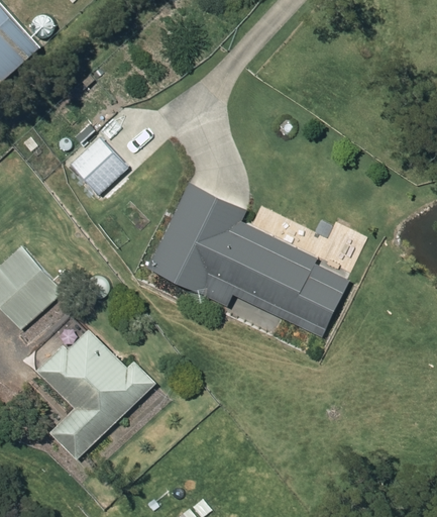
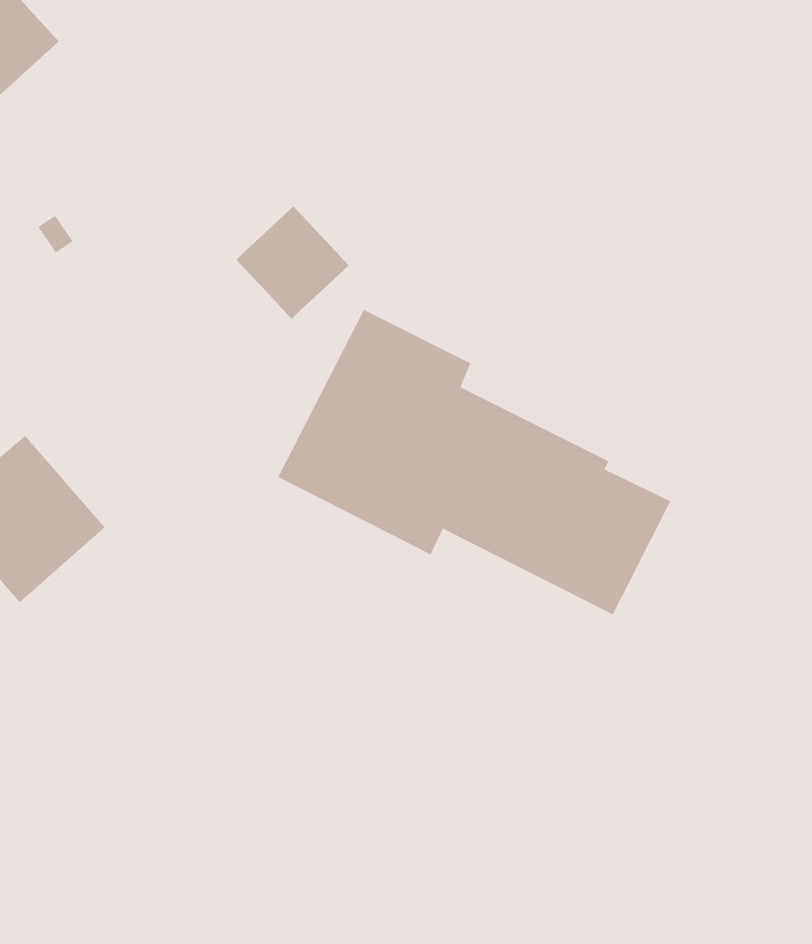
building: [71,137,128,195] -> [235,205,349,319]
building: [34,329,155,460] -> none

